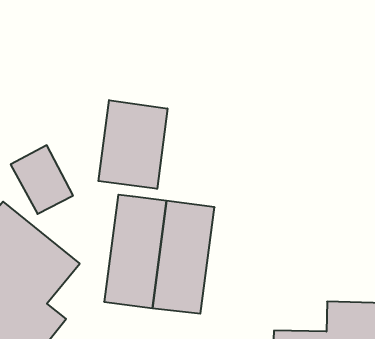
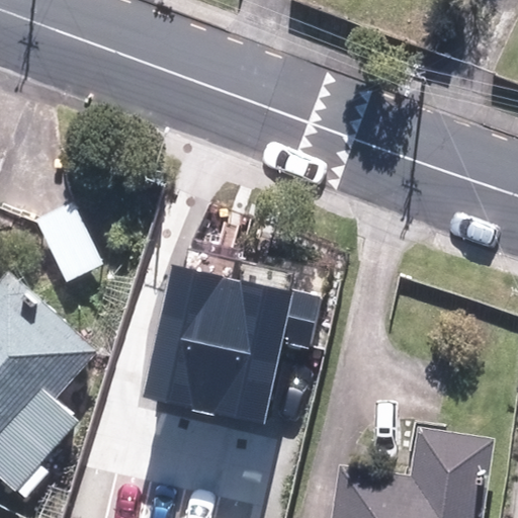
building: [98,100,167,189] -> none

